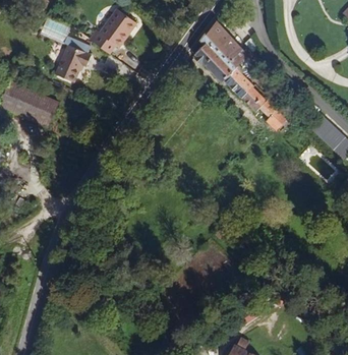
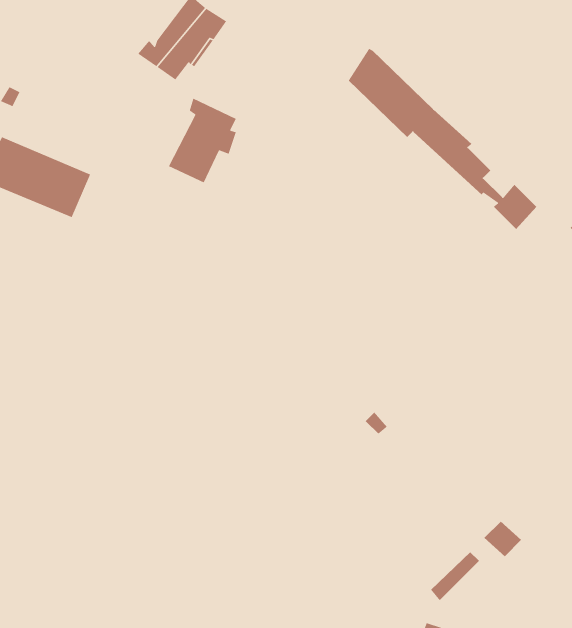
building: [209,24,251,68] -> none
building: [54,36,91,81] -> [168,98,237,184]

